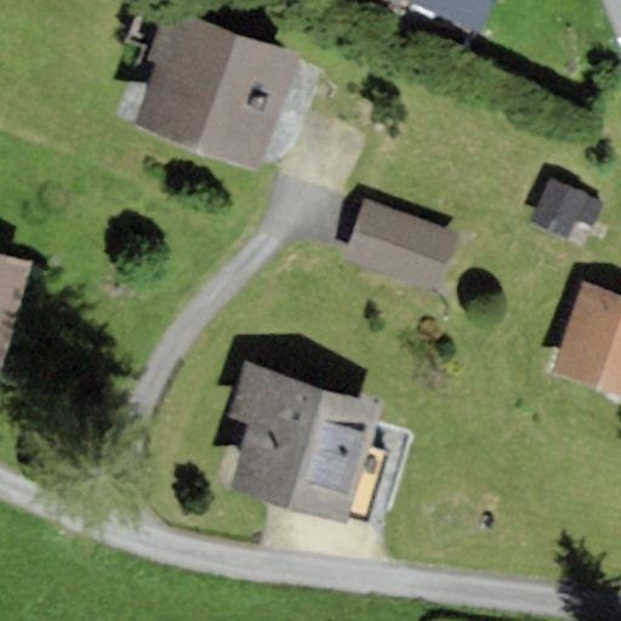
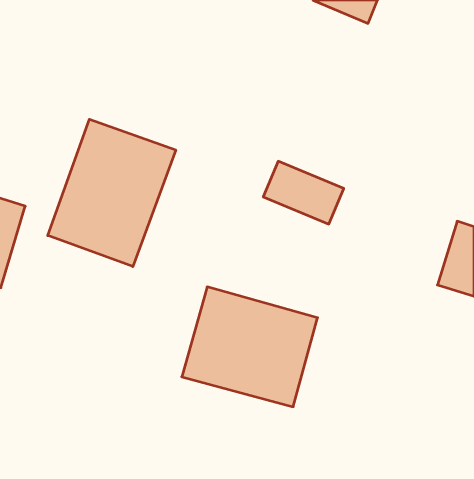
building: [127,13,281,164] -> none
building: none -> [48,119,176,267]

